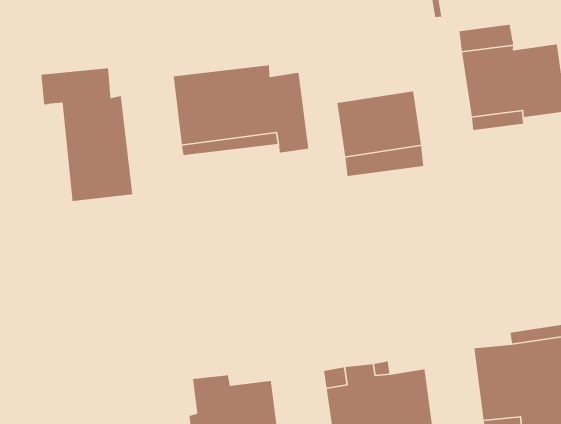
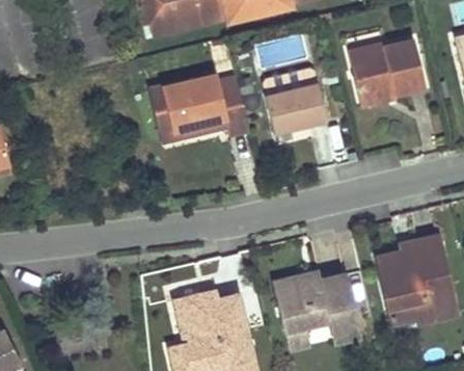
building: [40,67,133,202] -> none

